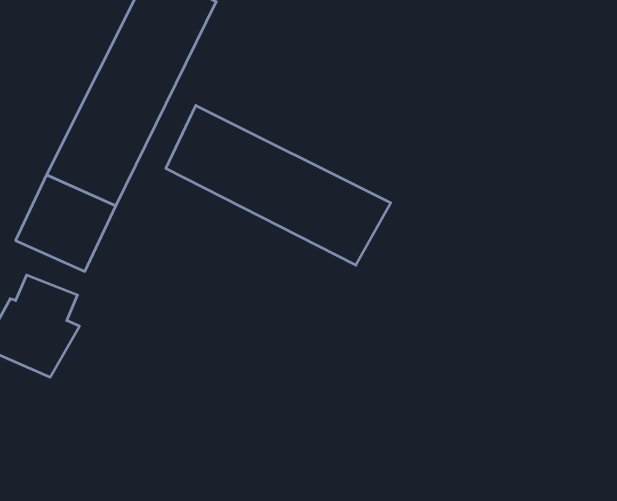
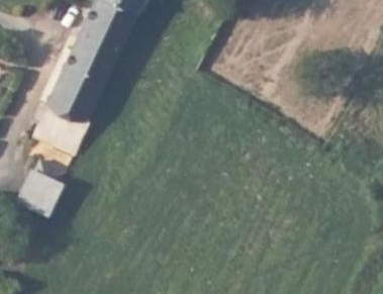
building: [166,105,391,265] -> none

